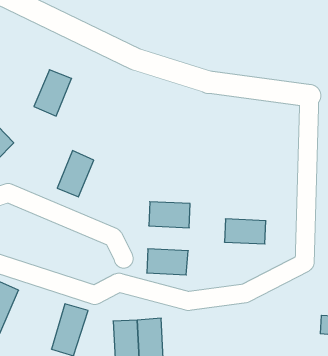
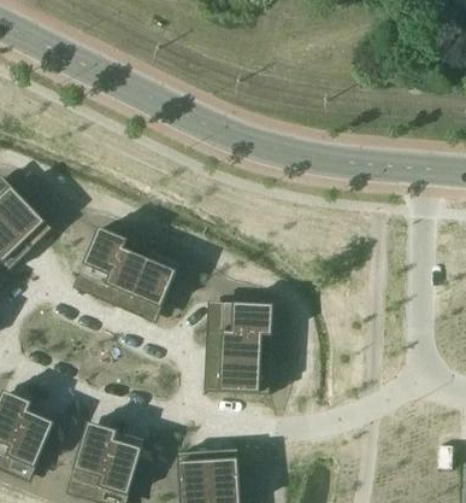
building: [34,70,72,116] -> [75,228,122,286]
building: none -> [129,251,176,309]
building: [224,219,266,244] -> [216,333,267,364]
building: none -> [66,422,112,487]

